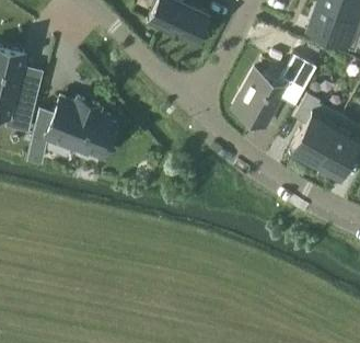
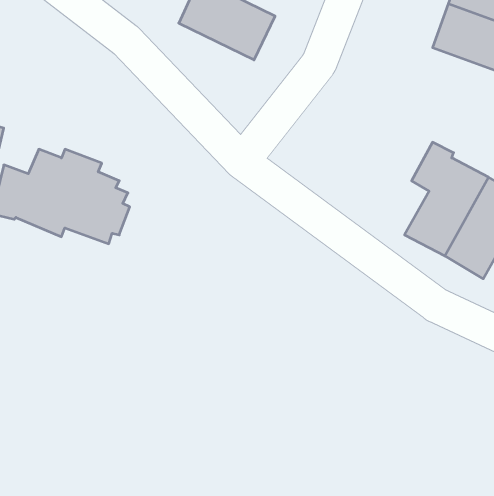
building: [232,55,316,127] -> none

